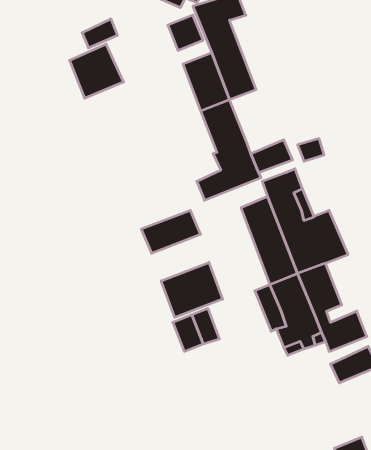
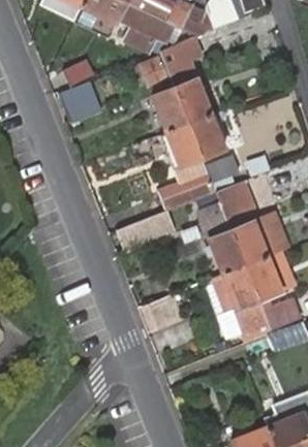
building: none -> [190,109,228,159]
building: [161,262,223,317] -> none

